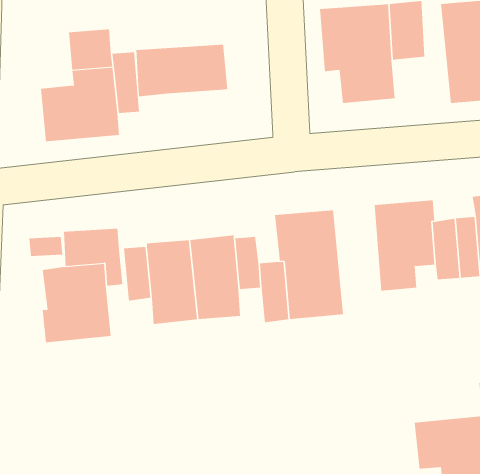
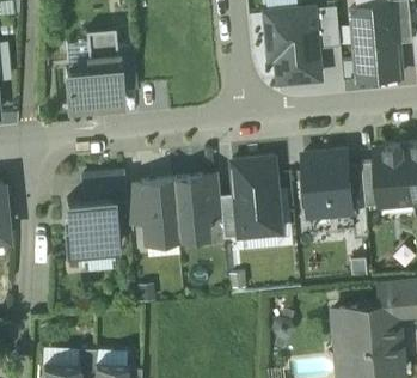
building: [136,44,228,97] -> none

